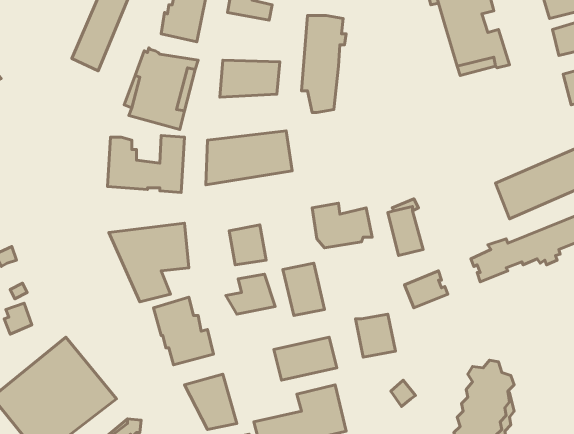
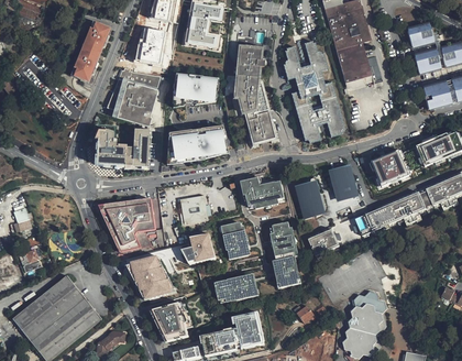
building: none -> [283,39,344,141]
building: none -> [245,79,278,147]
building: none -> [327,161,358,198]
building: none -> [271,222,299,261]

